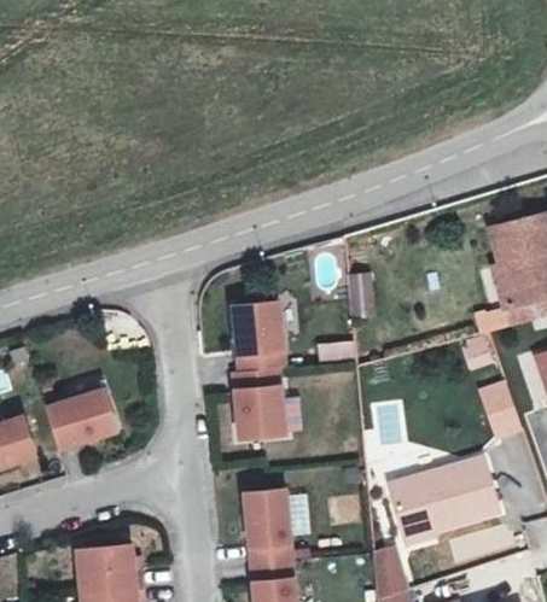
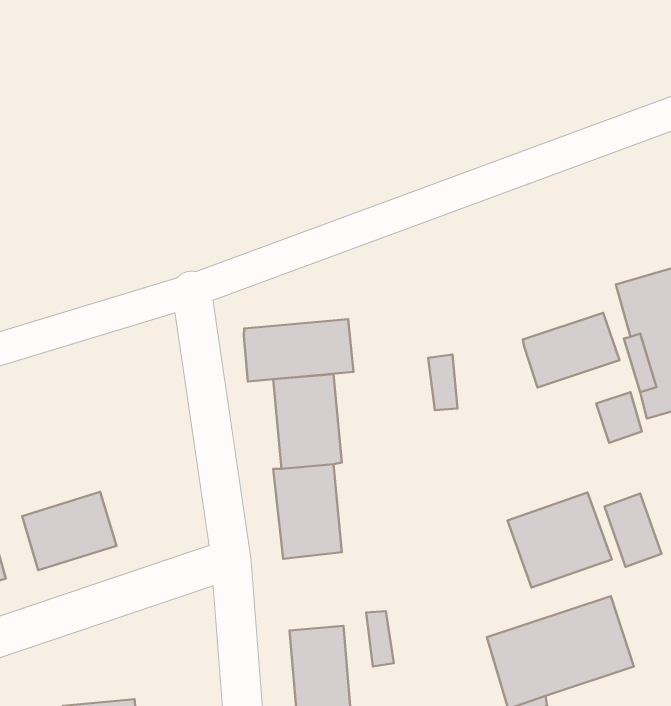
building: none -> [523,313,620,387]
building: none -> [244,319,354,381]
building: none -> [508,492,612,588]

